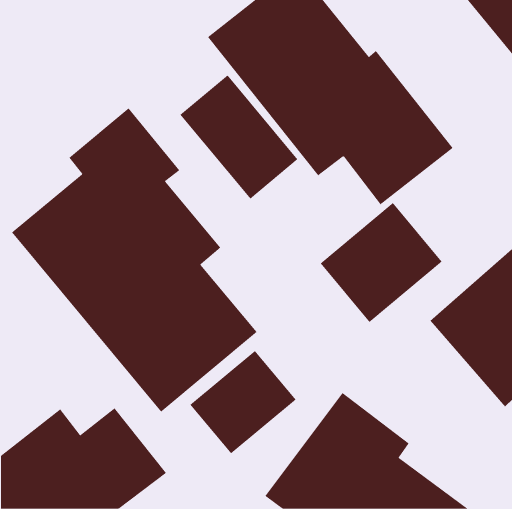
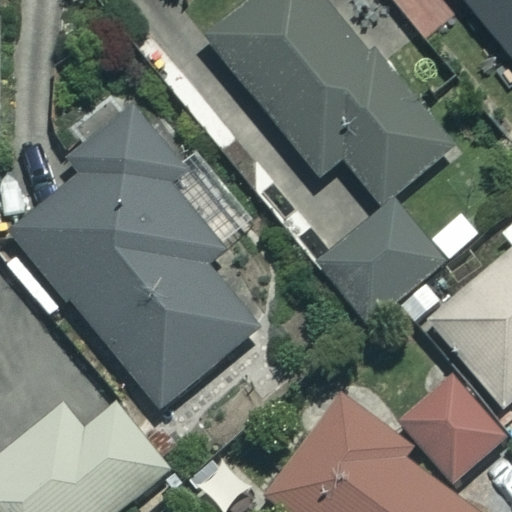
building: [180,74,298,200] -> none
building: [190,350,297,454] -> none
building: none -> [397,374,504,481]

